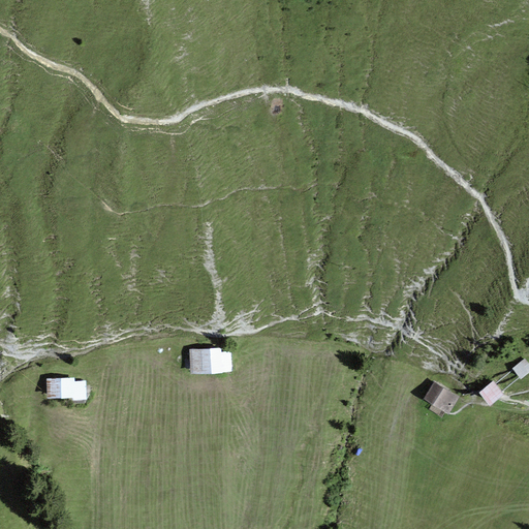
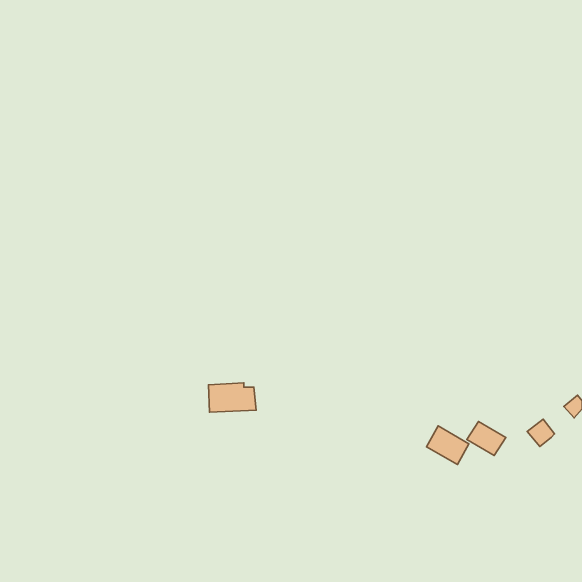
building: [45,377,87,400] -> none
building: none -> [427,426,469,465]

